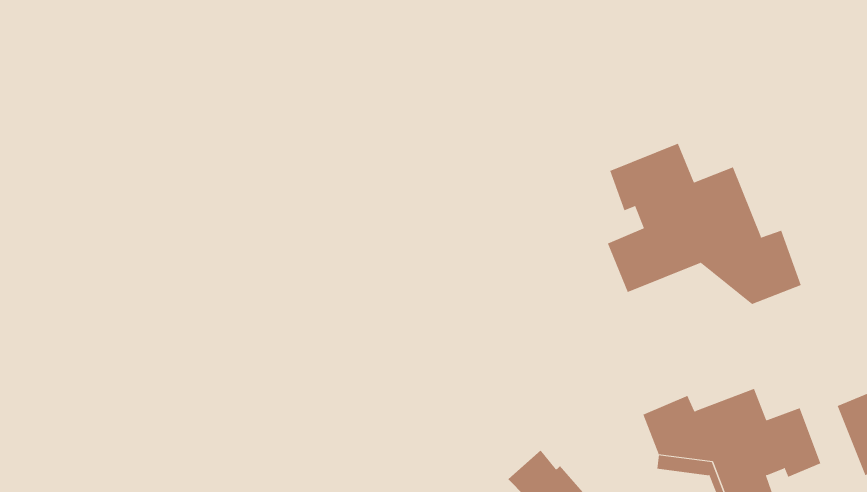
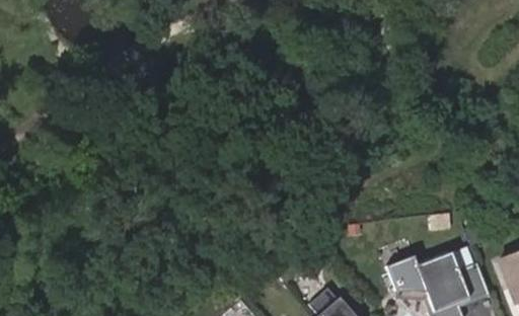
building: [607,143,801,305] -> none

